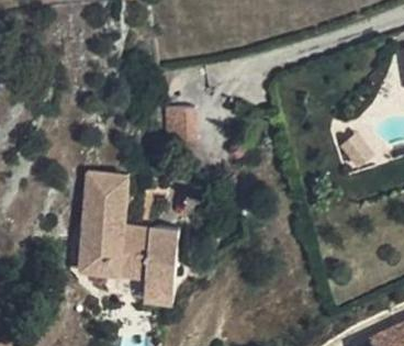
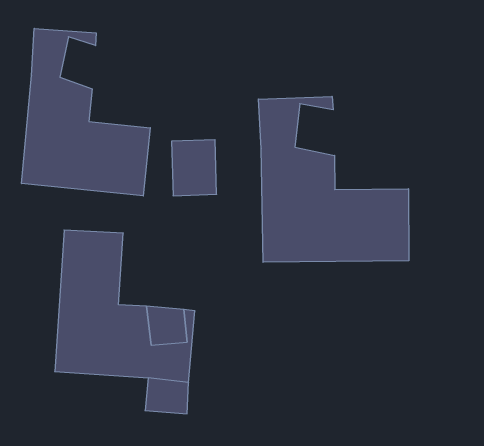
building: none -> [22,28,150,196]
building: none -> [258,96,409,262]

